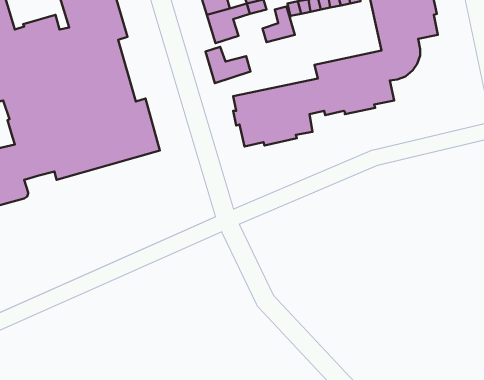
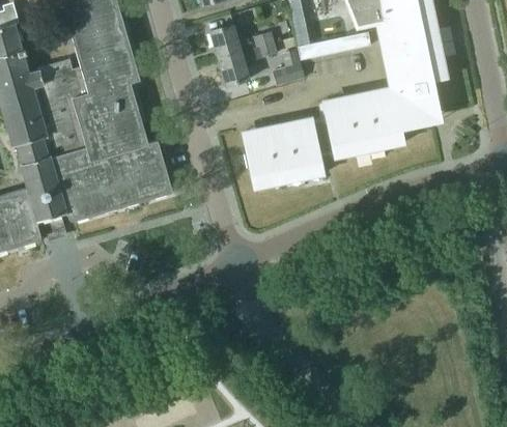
building: [206,47,251,83] -> none

